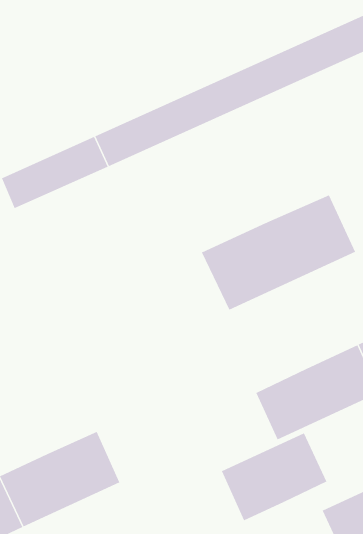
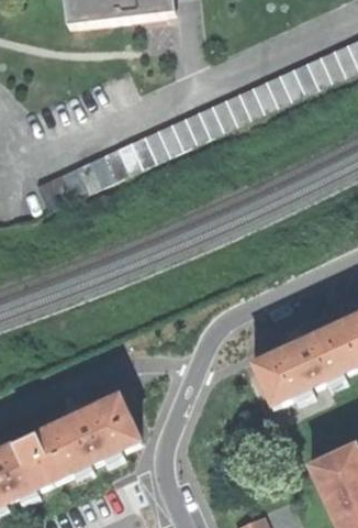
building: [201,195,356,311] -> none
building: [221,433,327,521] -> none

